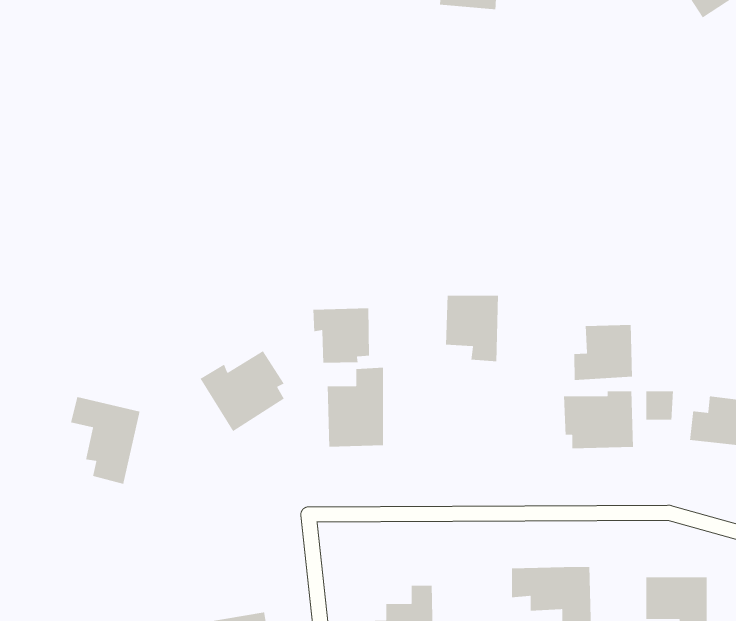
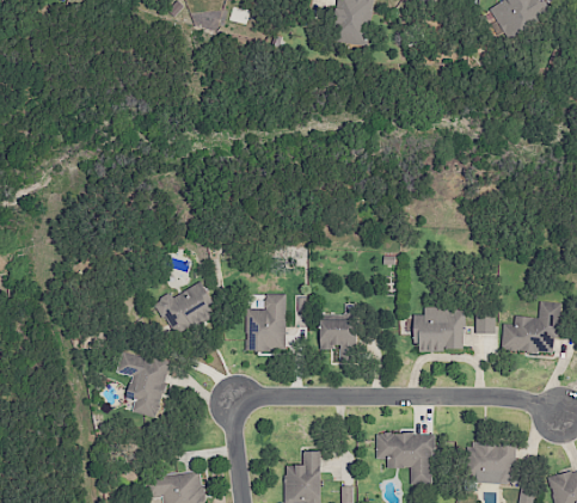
building: [445,295,499,362] -> [320,313,358,361]
building: [312,307,370,363] -> none
building: [574,324,633,381] -> none
building: [70,396,141,485] -> [117,352,167,416]

